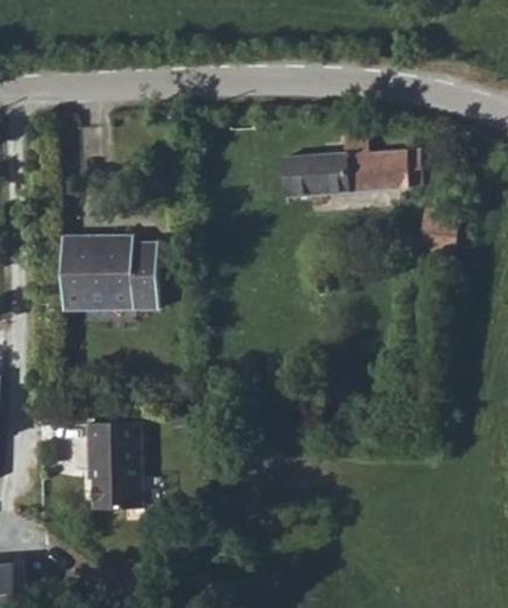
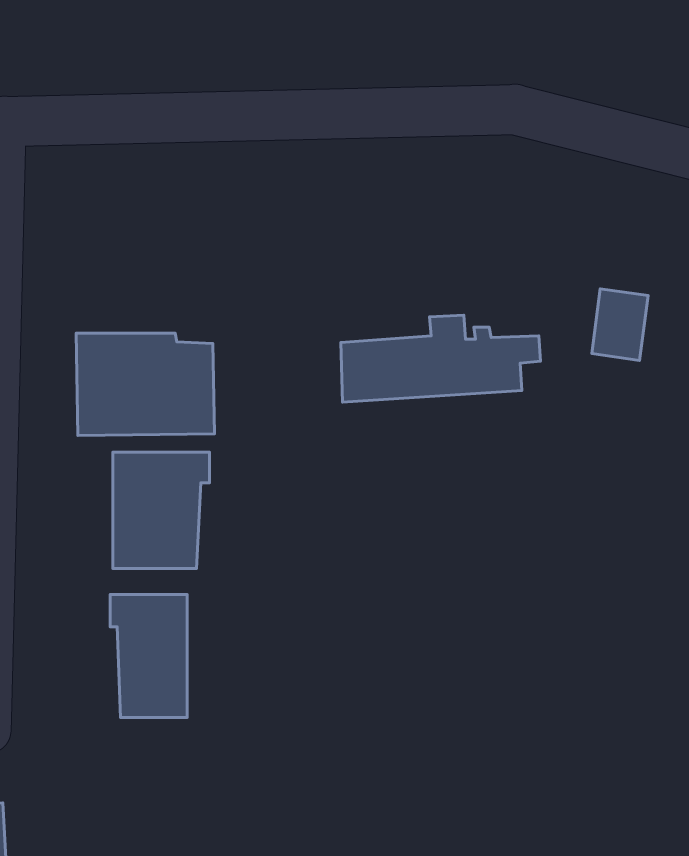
building: [281,137,420,197] -> [341,315,541,402]
building: none -> [113,452,209,568]

